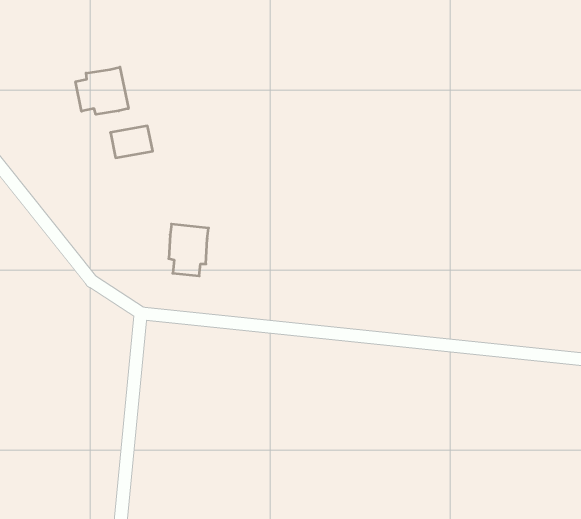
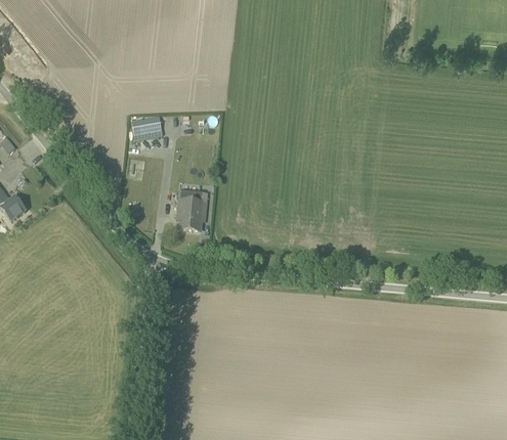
building: [76,67,128,114] -> none

